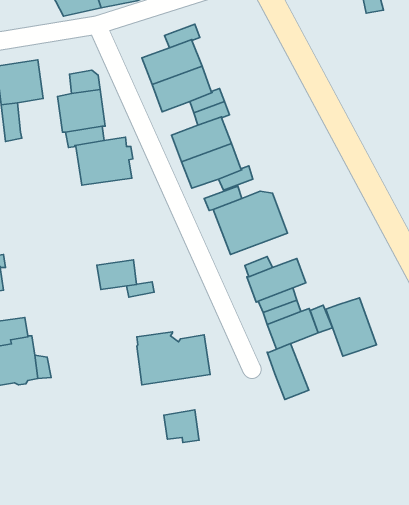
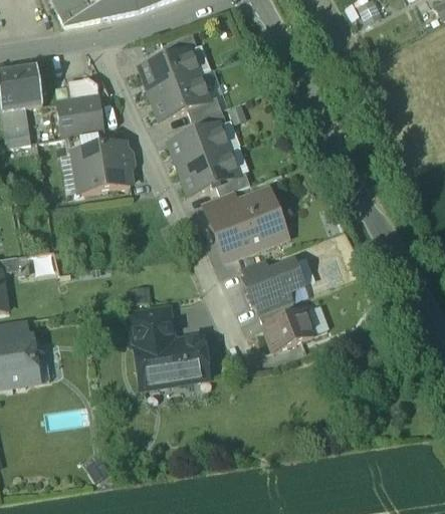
building: [97,260,137,289] -> [132,310,171,339]
building: [326,298,376,356] -> none
building: [267,344,309,399] -> none
building: [164,410,199,443] -> none

